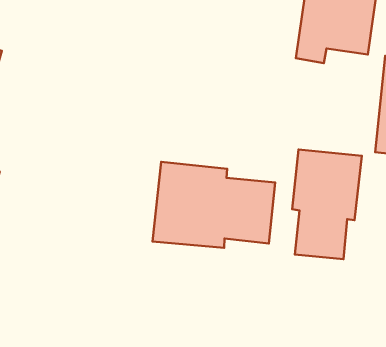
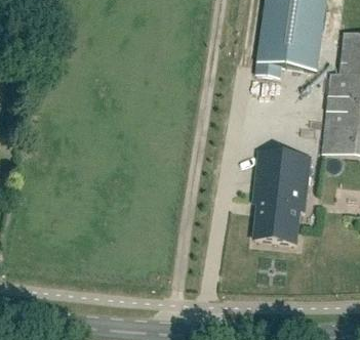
building: [153,162,275,248] -> none

